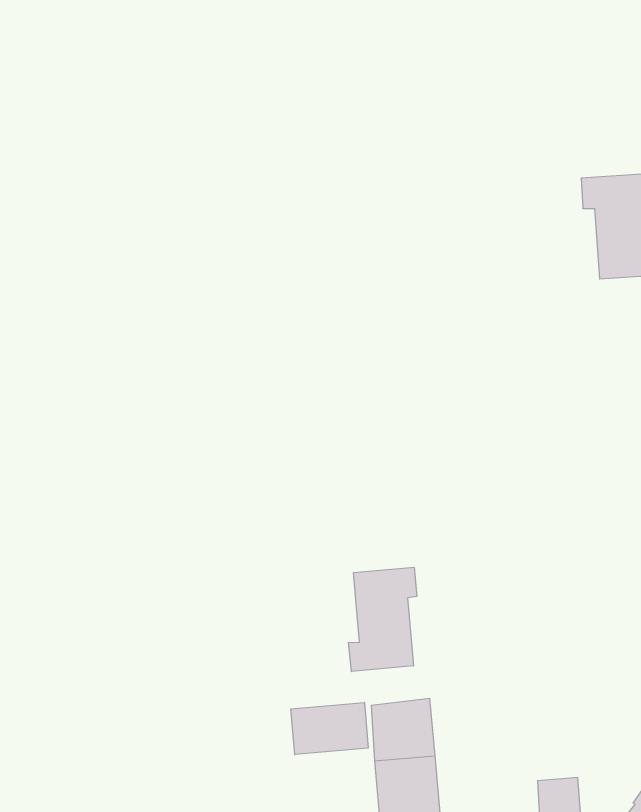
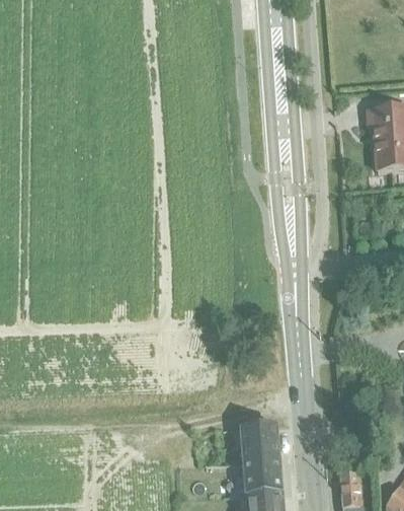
building: [349,567,417,672] -> none
building: [291,702,368,755] -> none

